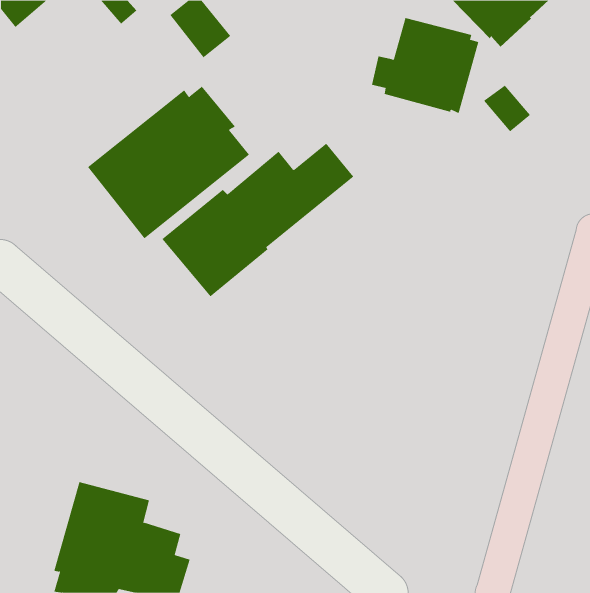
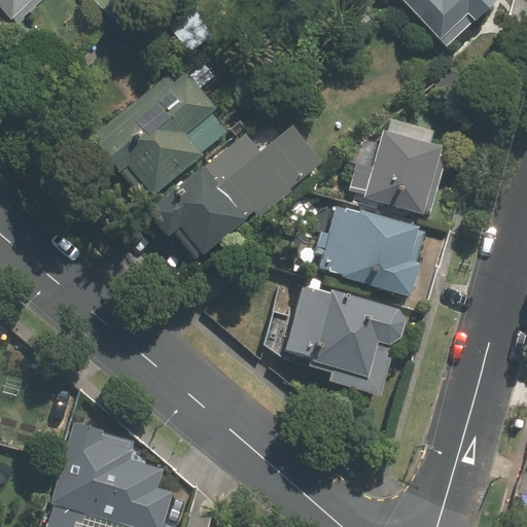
building: [371,17,479,114] -> [351,128,447,213]
building: none -> [320,201,427,288]
building: none -> [284,287,405,397]

